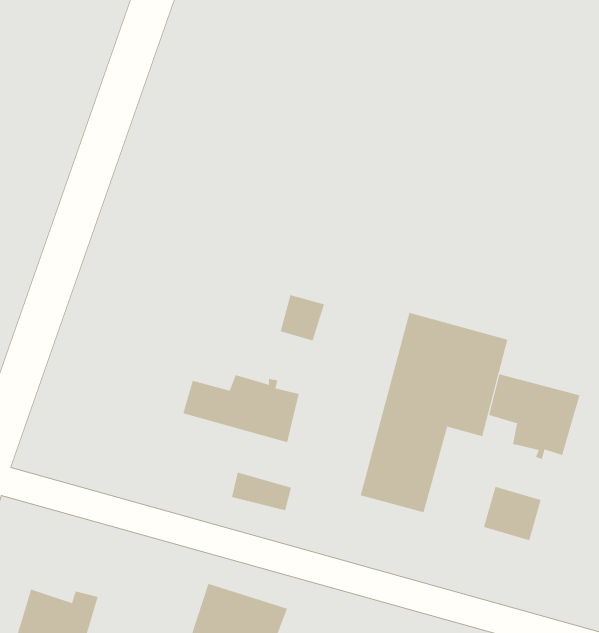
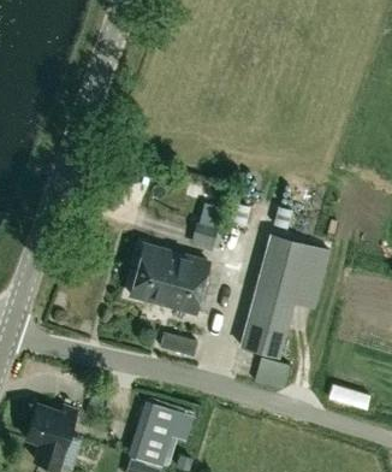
building: none -> [136,246,208,284]
building: [488,373,580,460] -> none
building: [483,486,542,541] -> [255,359,291,393]

